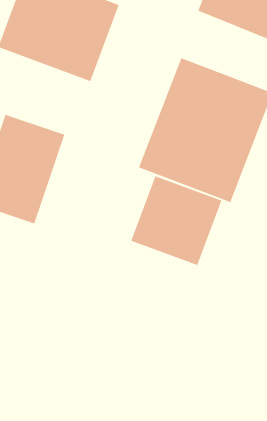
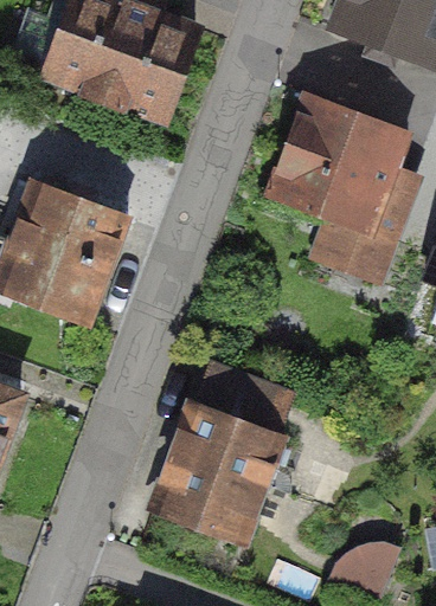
building: [131,175,222,266] -> none
building: none -> [153,382,313,554]

